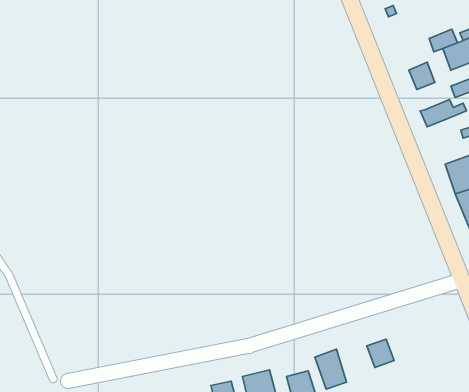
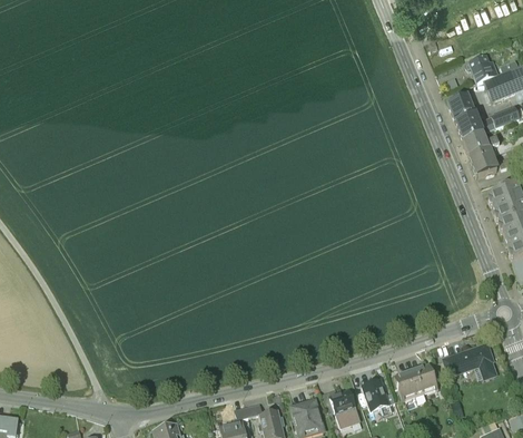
building: none -> [460,114,497,140]
building: none -> [470,148,500,179]
building: none -> [445,340,497,378]
building: none -> [392,372,418,399]

